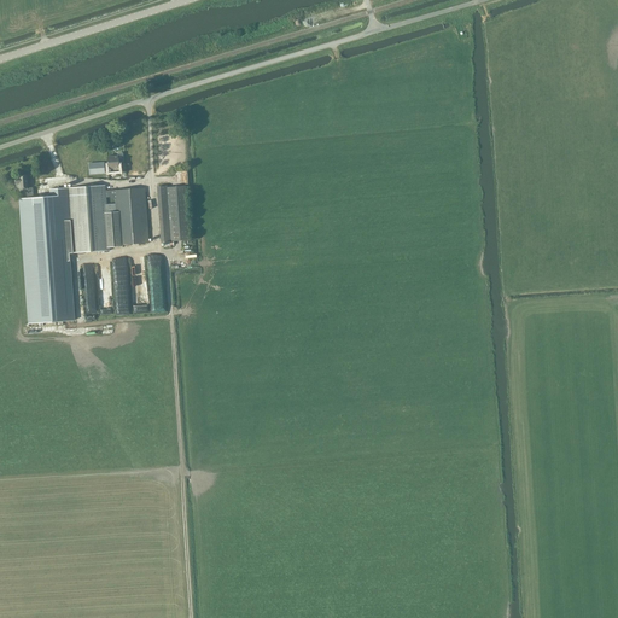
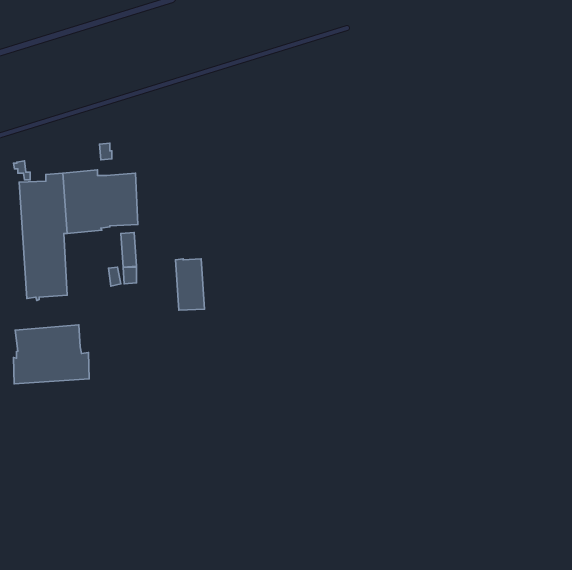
building: [158,185,190,240] -> [175,259,205,310]
building: none -> [13,325,89,384]

